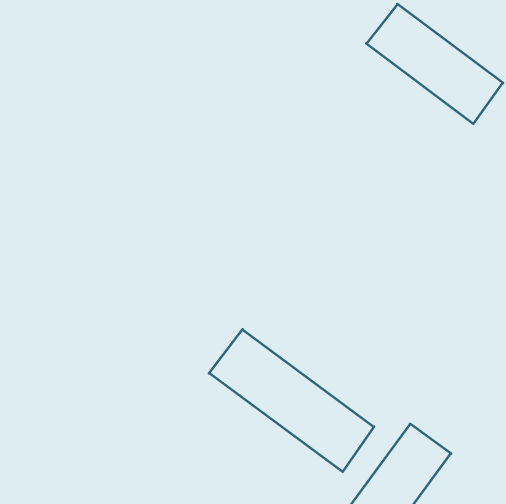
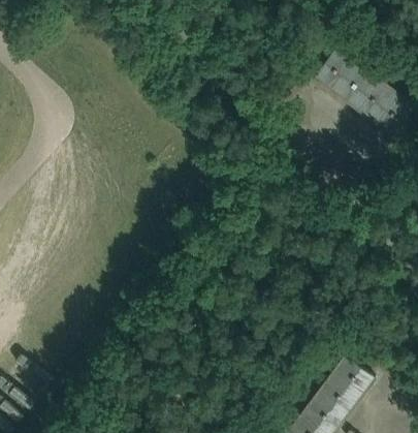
building: [209,329,374,472] -> none

